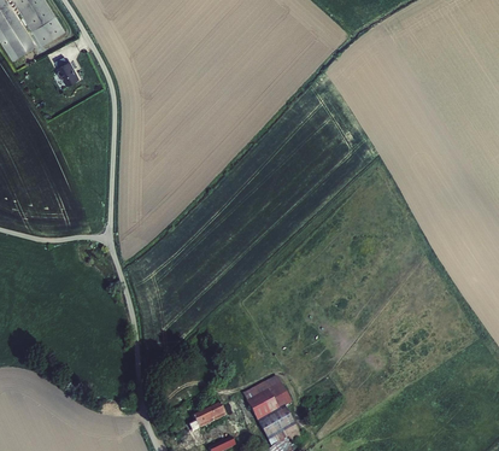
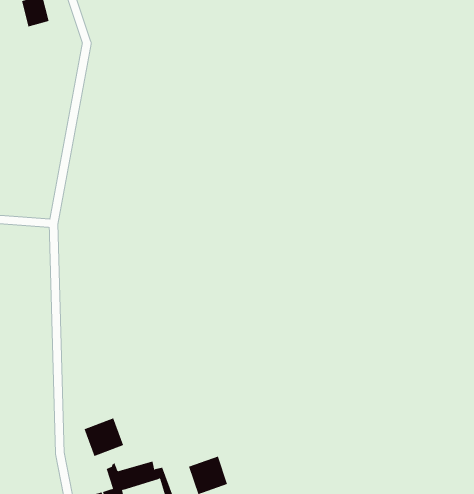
building: none -> [84,417,124,457]

